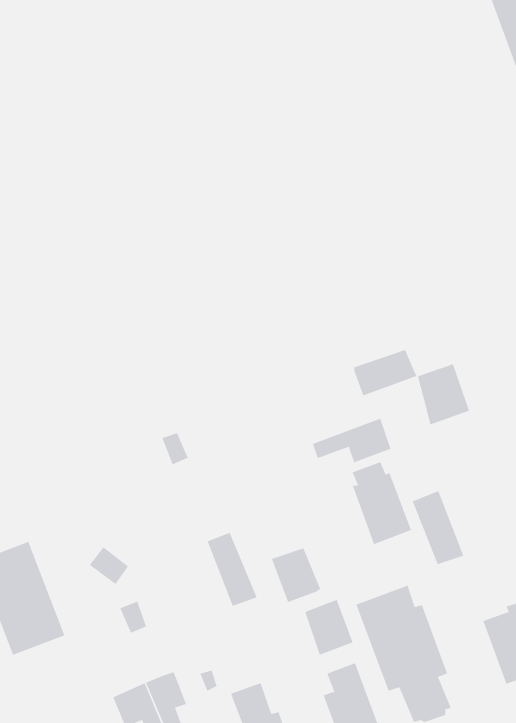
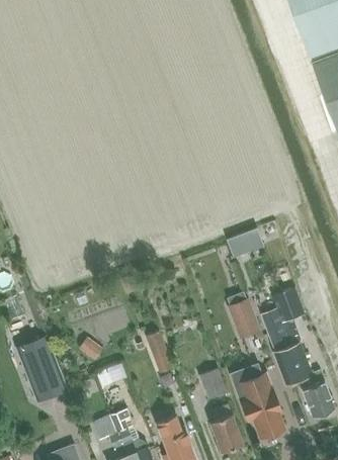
building: [417,364,470,425] -> [273,288,303,323]
building: [312,418,391,463] -> none
building: [271,547,321,603] -> none
building: none -> [273,344,313,386]

